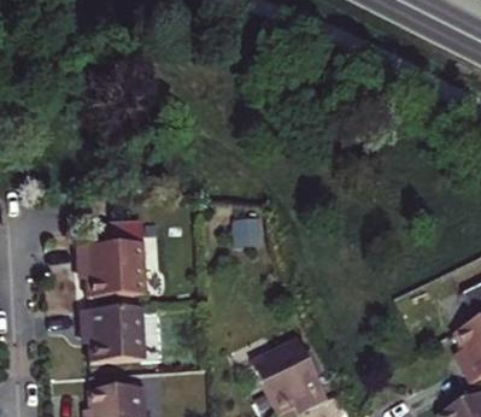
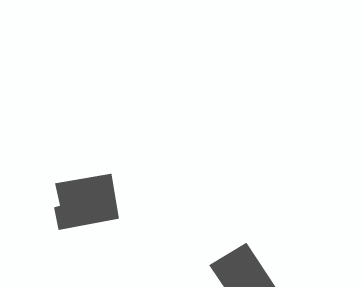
building: [78,305,141,359] -> none

